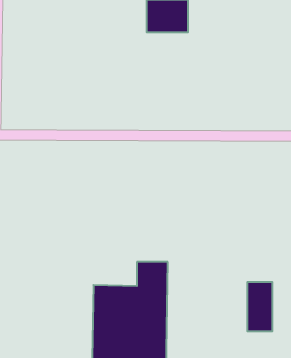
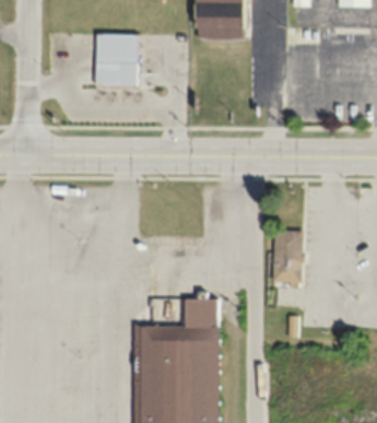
building: none -> [95,33,137,85]
building: [247,282,272,331] -> [273,230,302,285]

